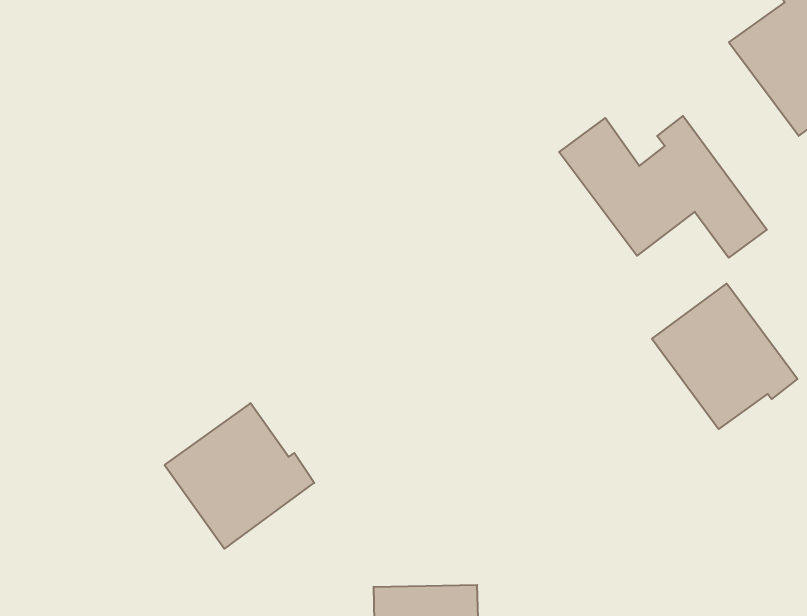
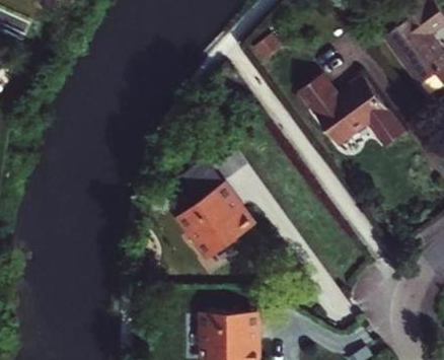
building: [652,284,797,429] -> none
building: [165,403,314,549] -> [176,185,252,259]

